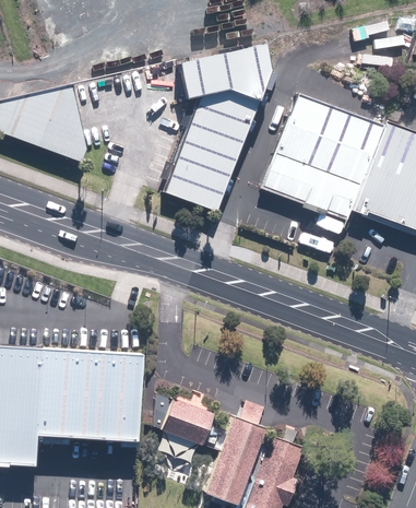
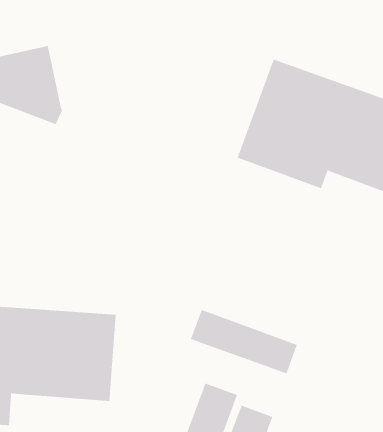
building: [165,44,274,211] -> none
building: none -> [190,309,297,374]
building: [156,399,213,449] -> none

